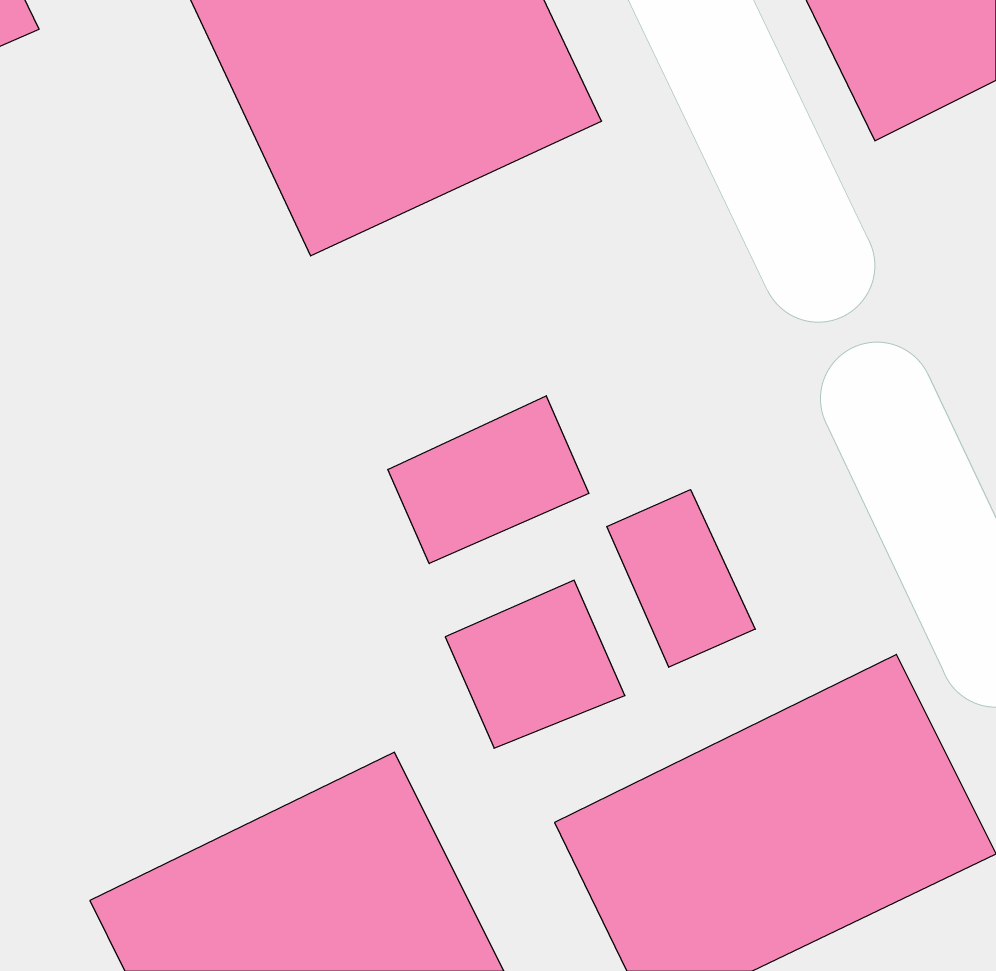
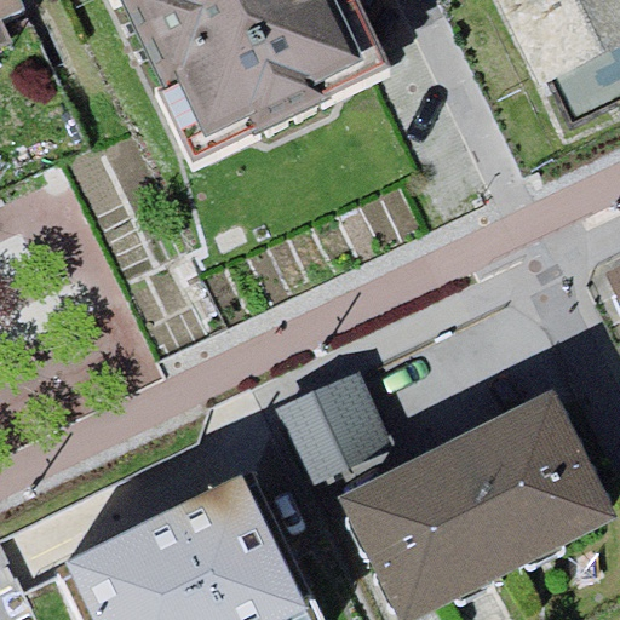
building: [388,396,589,564] -> none
building: [607,490,755,667] -> none

